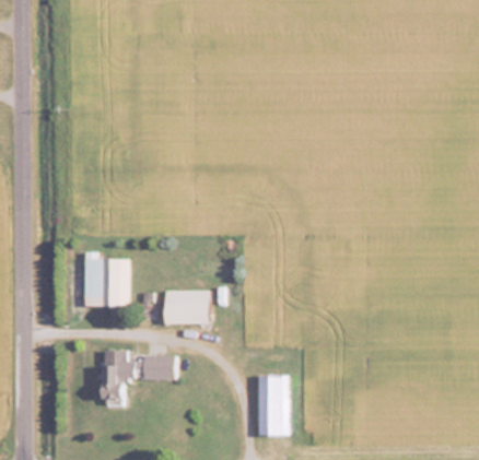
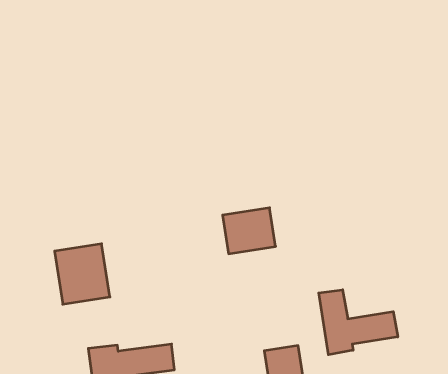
building: [164,290,207,325] -> [223,208,276,254]
building: none -> [319,290,398,355]

